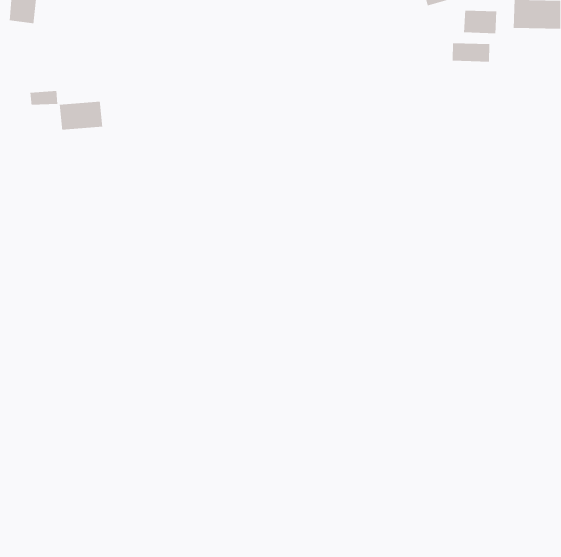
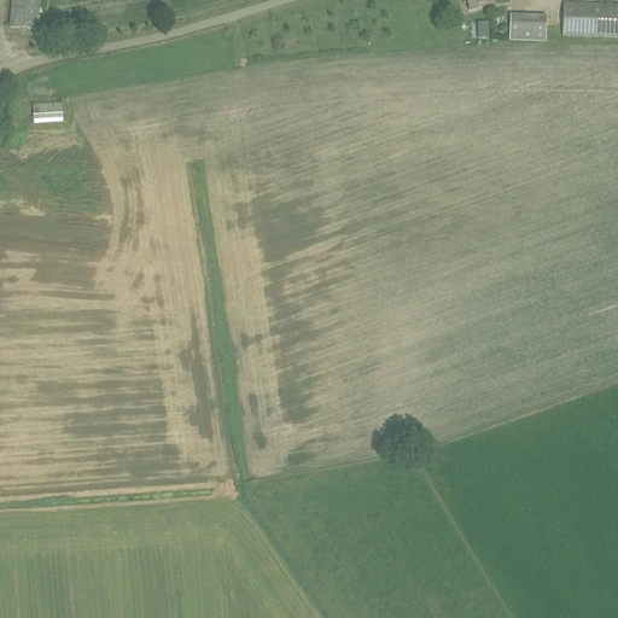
building: [452,42,490,63] -> none
building: [59,101,103,131] -> none

